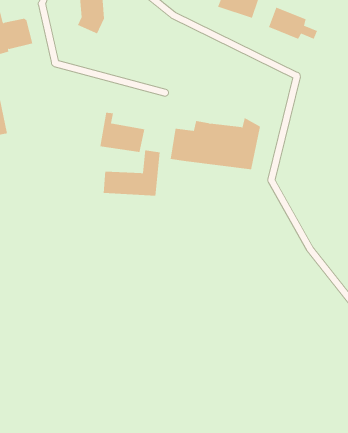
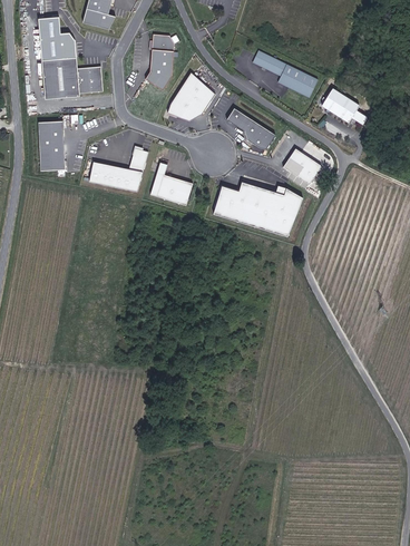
building: none -> [166,71,213,119]
building: none -> [225,107,274,148]
building: none -> [283,147,321,183]
building: [103,150,161,196] -> [89,147,148,192]

